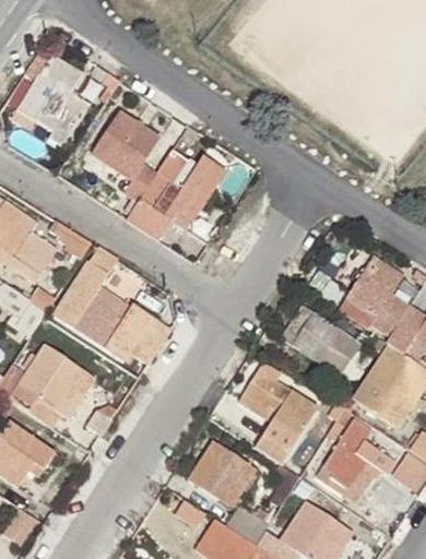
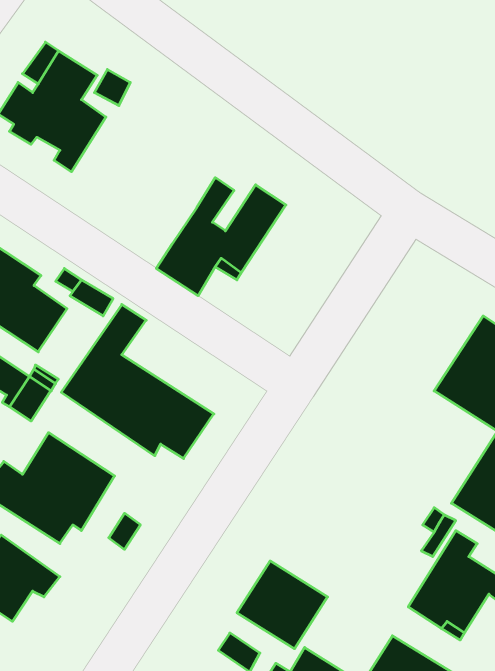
building: [92,110,159,201] -> none
building: [294,313,359,372] -> none
building: [238,362,317,465] -> none

